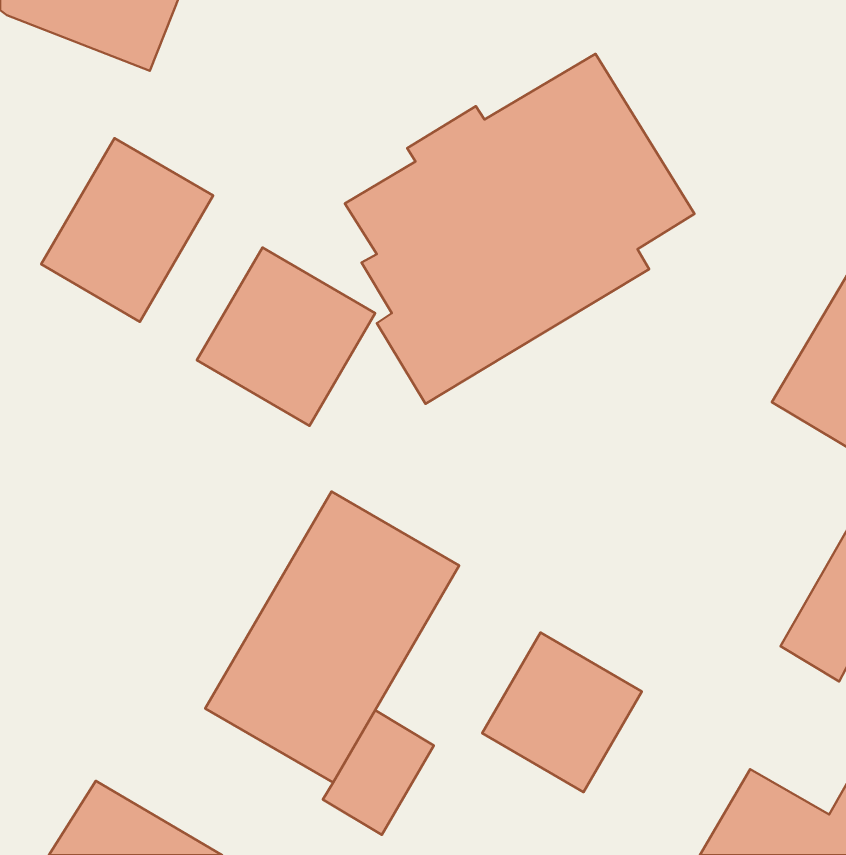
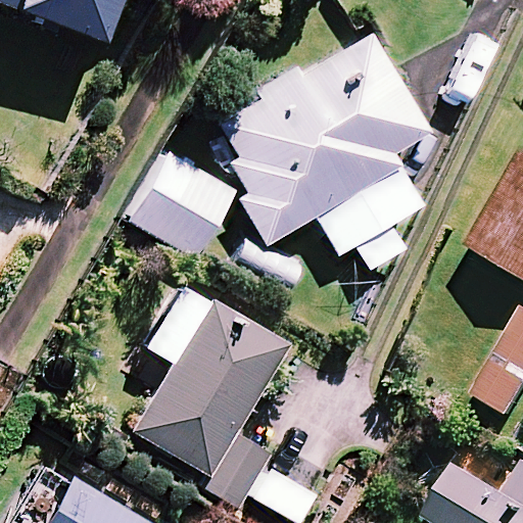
building: [41,138,213,322] -> none
building: none -> [316,163,426,254]
building: [482,632,642,792] -> none

